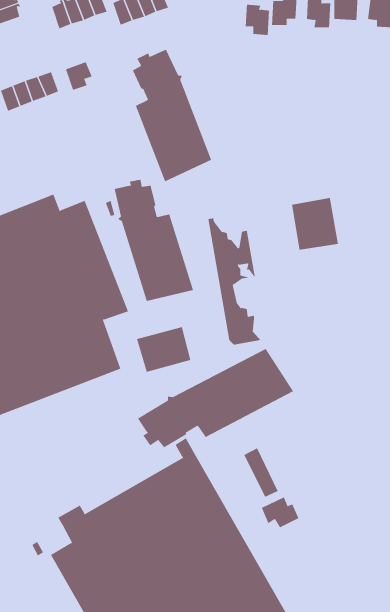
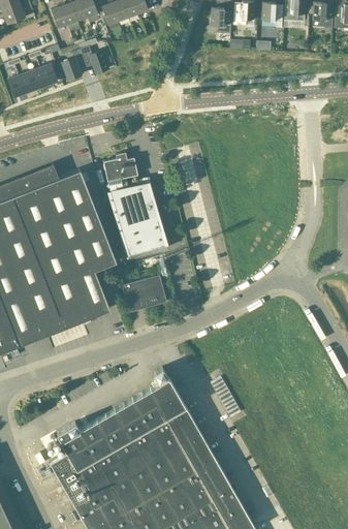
building: [132,49,212,182] -> none
building: none -> [80,45,108,73]
building: [291,197,338,251] -> none
building: [137,348,294,448] -> none
building: [261,497,299,528] -> none

